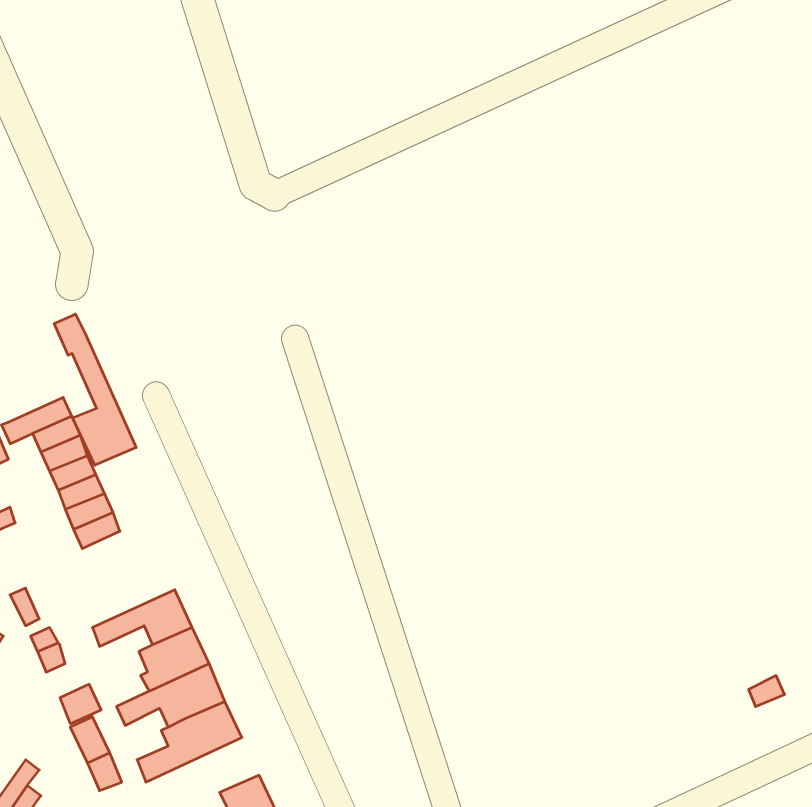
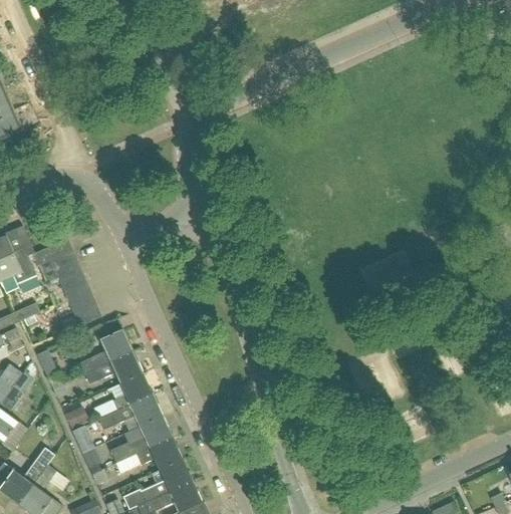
building: [54,314,136,465] -> none
building: none -> [79,329,133,373]
building: none -> [115,438,182,474]

